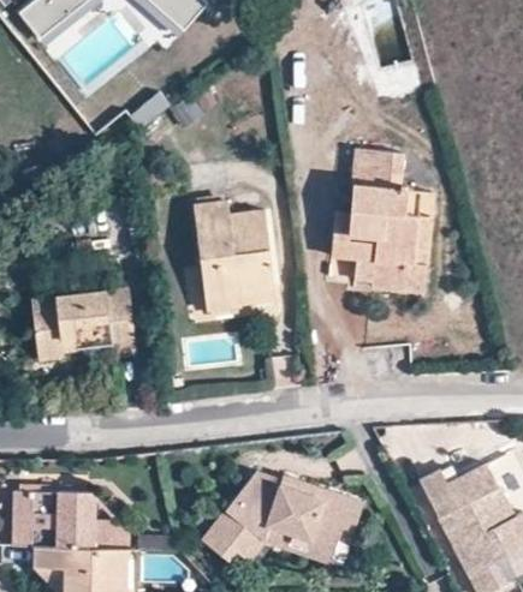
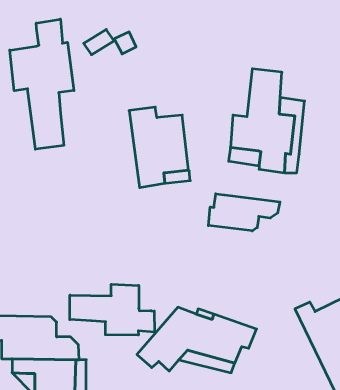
building: none -> [10,19,74,149]
building: [30,287,138,360] -> none
building: none -> [208,194,280,231]
building: none -> [70,284,155,335]

